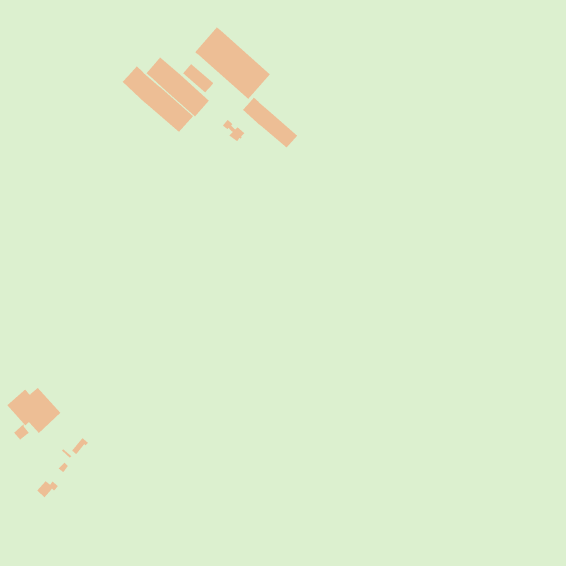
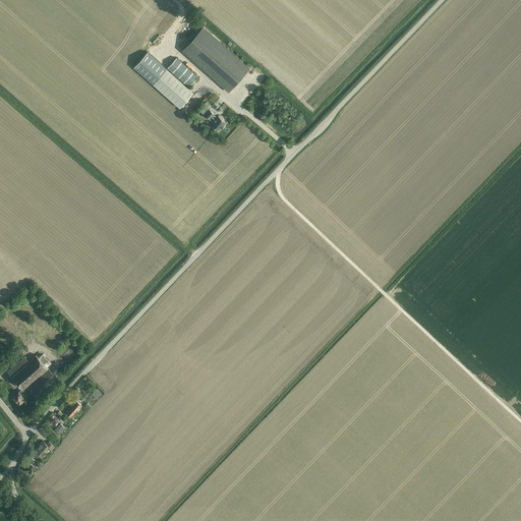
building: [122,66,194,133] -> none
building: [242,97,298,148] -> none

